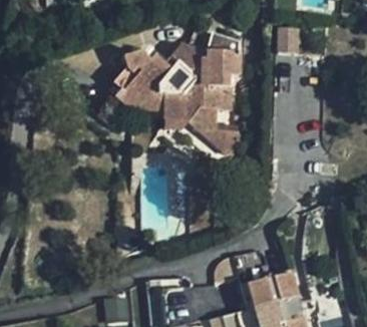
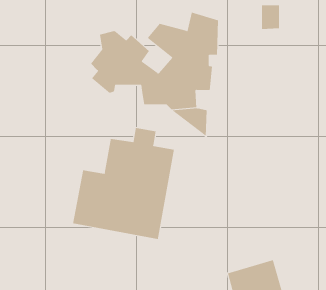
building: none -> [73,127,174,240]

